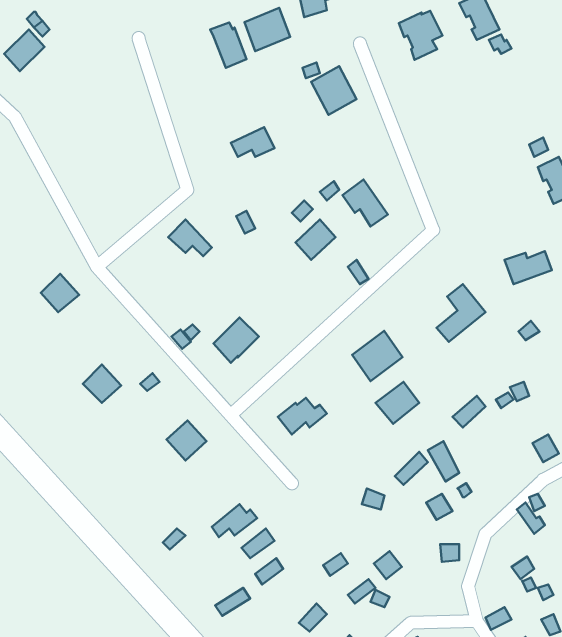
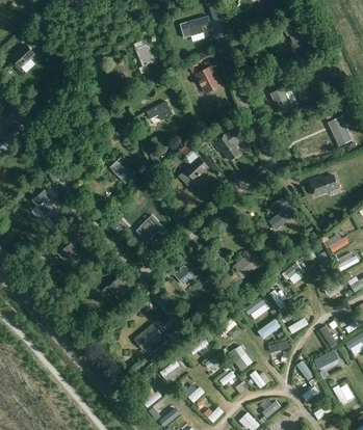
building: [244,8,290,51] -> none
building: [399,11,442,60] -> [270,86,296,115]
building: [352,331,402,381] -> none

